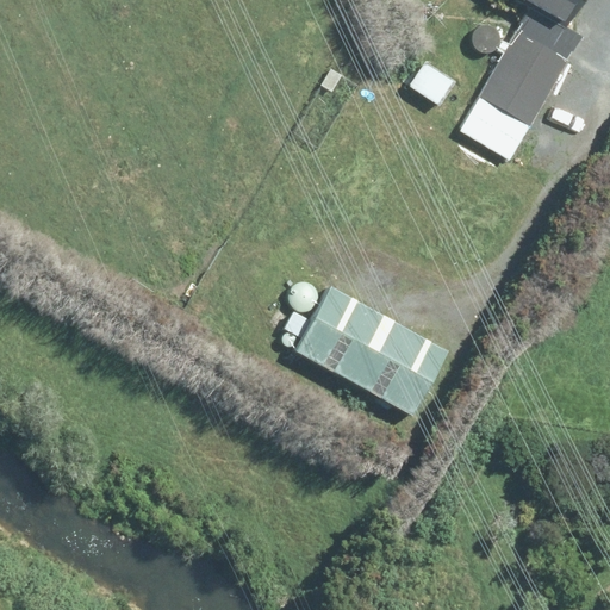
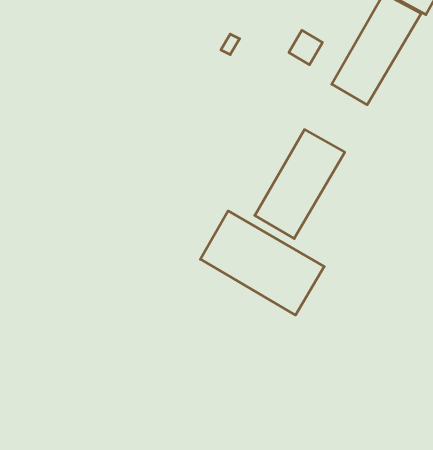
building: none -> [255,130,345,239]

